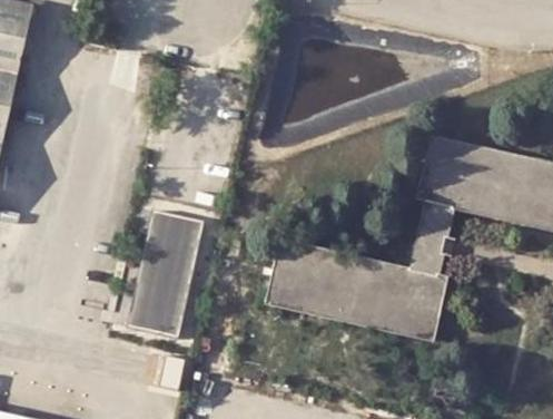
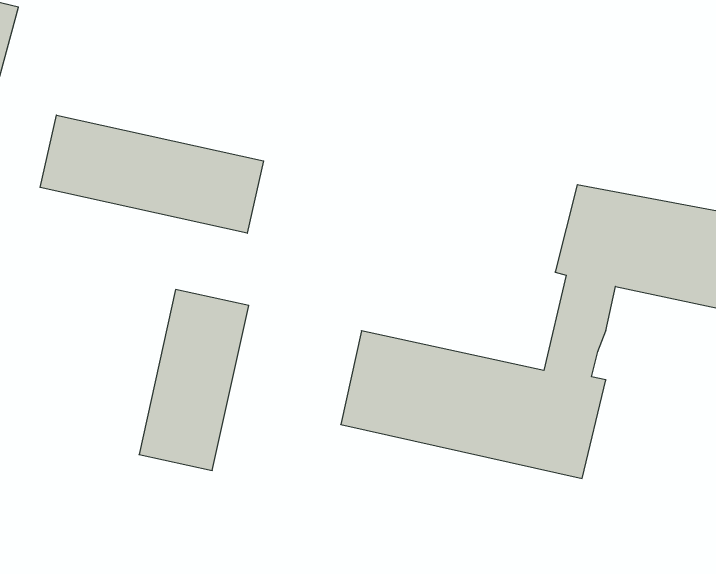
building: none -> [40,115,264,233]

